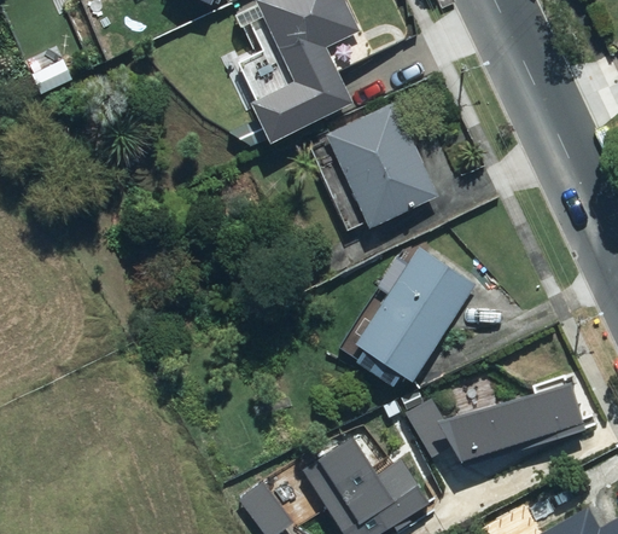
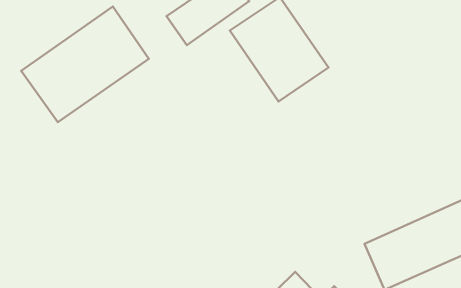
building: none -> [21,7,149,122]
building: [354,249,473,379] -> none

